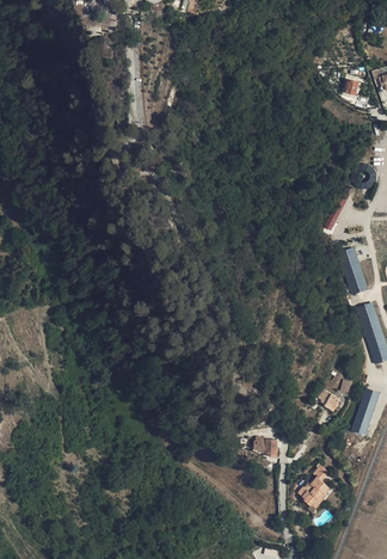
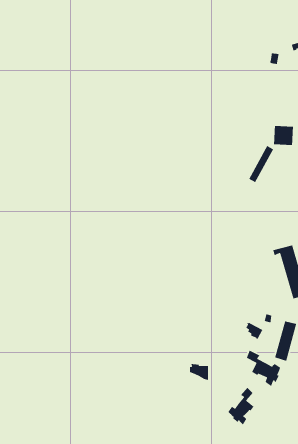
building: [337,247,367,295] -> none
building: none -> [246,349,281,387]

